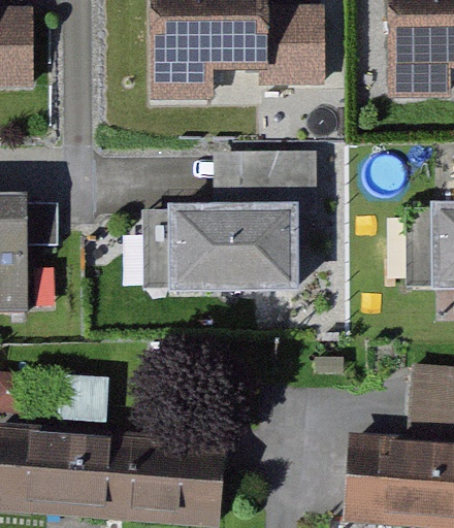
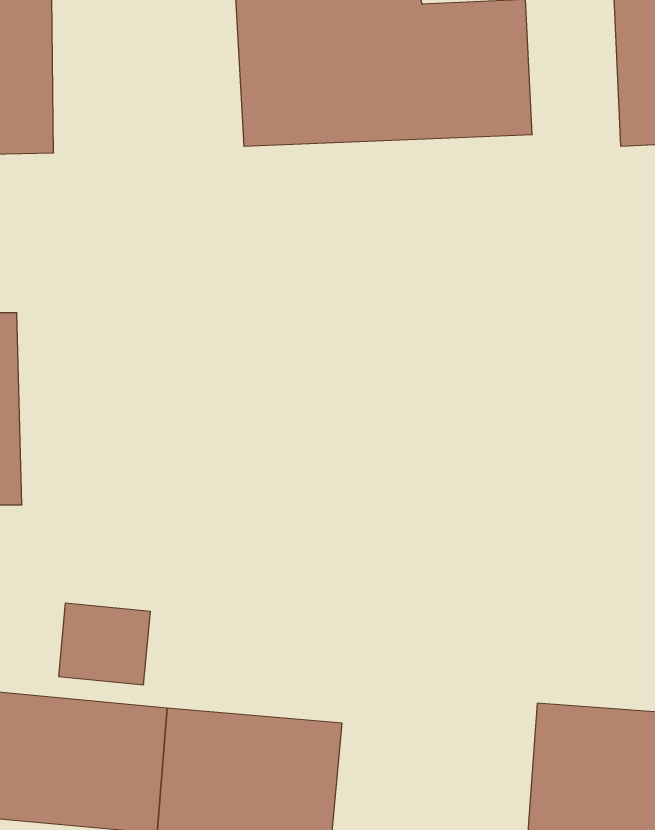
building: [161,154,306,291] -> none

